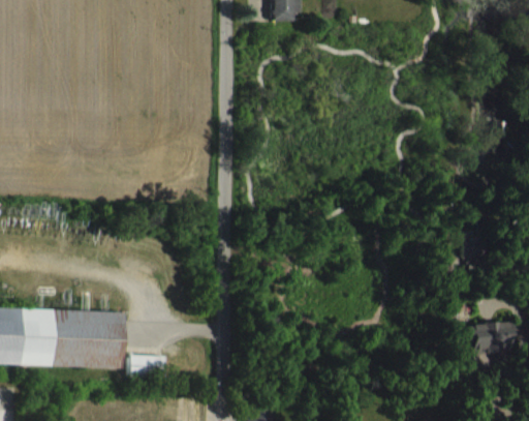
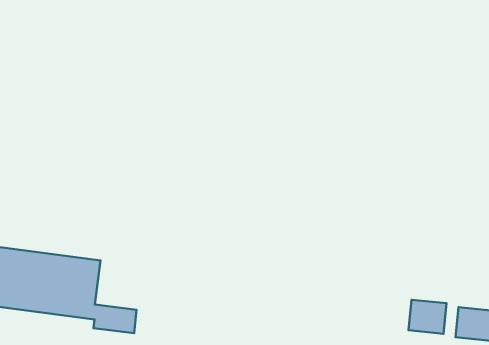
building: none -> [409,300,447,334]

